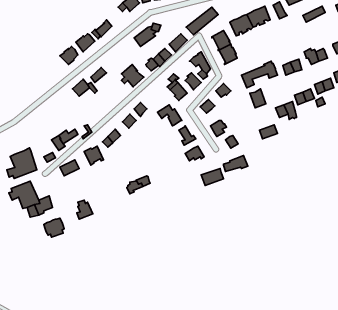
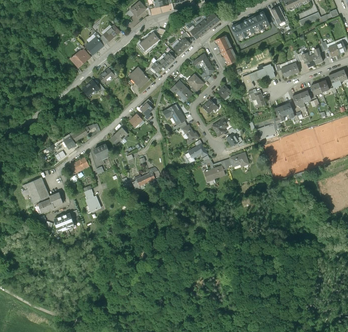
building: [7,148,37,179] -> none

